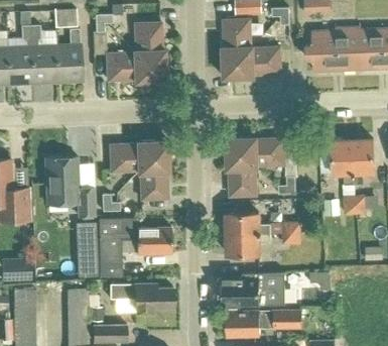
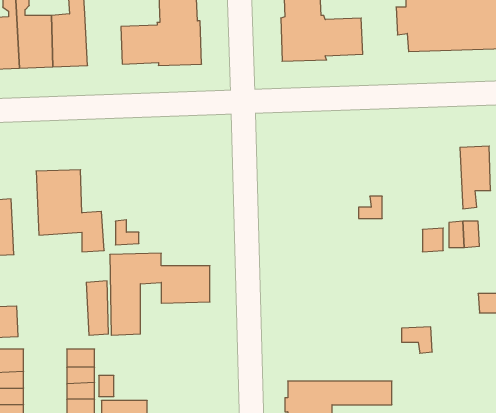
building: [226,137,285,197] -> none
building: [109,140,168,200] -> none
building: [332,141,354,186] -> none
building: [227,214,301,255] -> none
building: [224,271,284,306] -> none
building: [108,283,172,312] -> none

